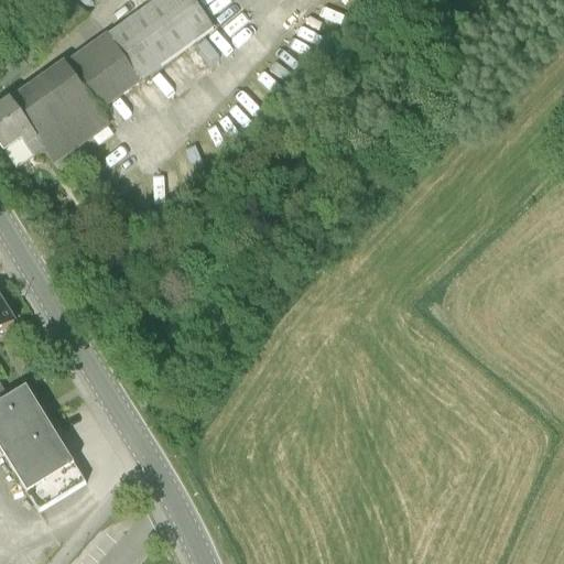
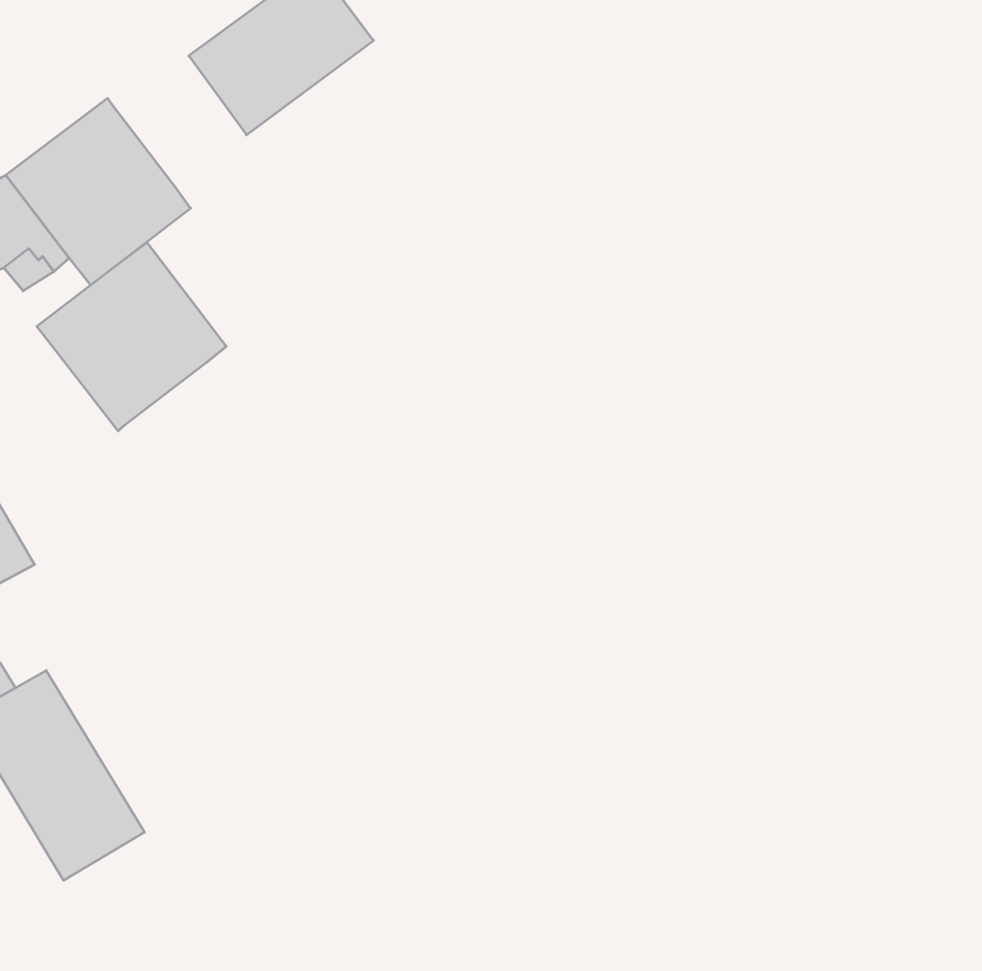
building: [64,30,141,107] -> none
building: none -> [37,242,226,431]

